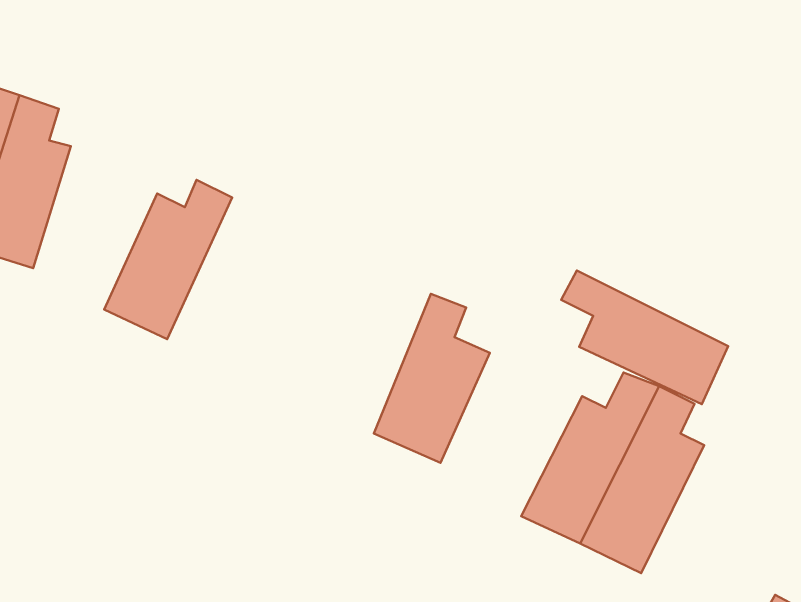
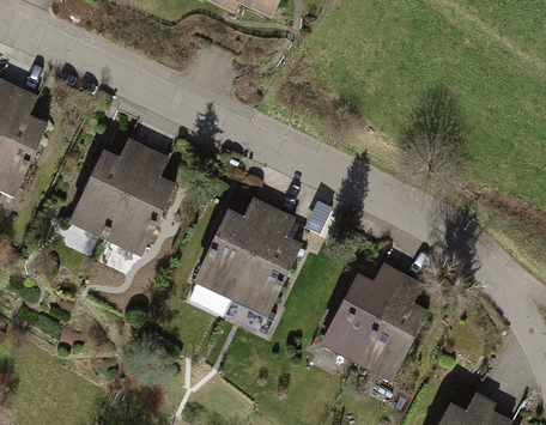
building: none -> [107,152,175,256]
building: [561,271,728,404] -> none
building: none -> [195,202,267,296]

